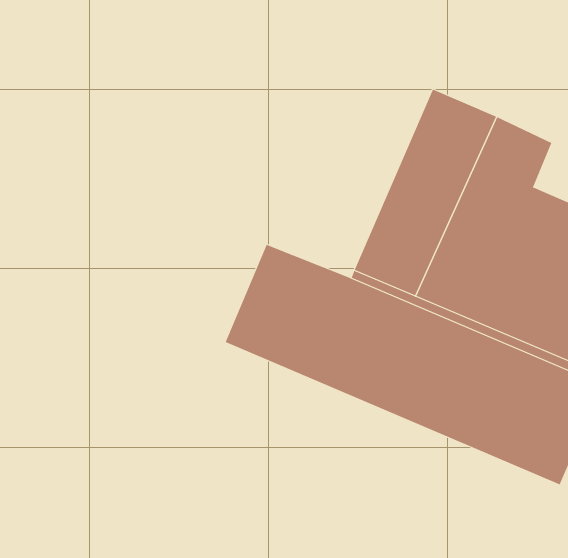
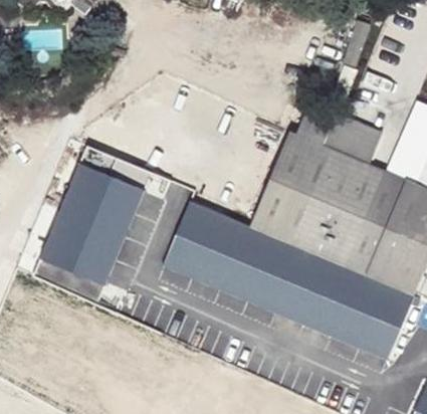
building: none -> [42,168,144,286]

